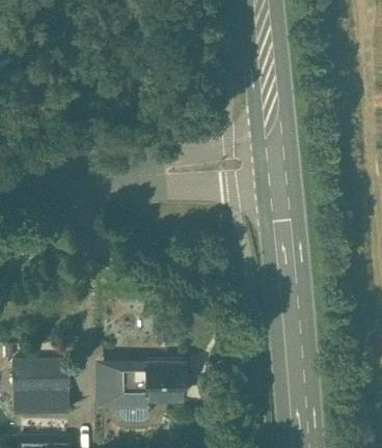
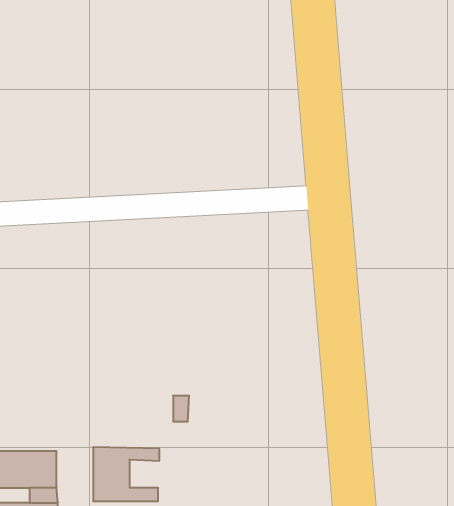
building: [124,364,184,400] -> none

